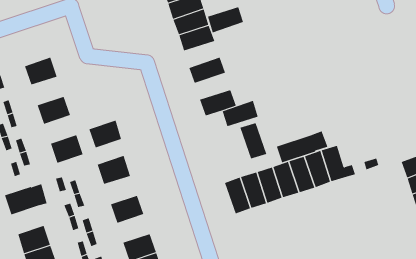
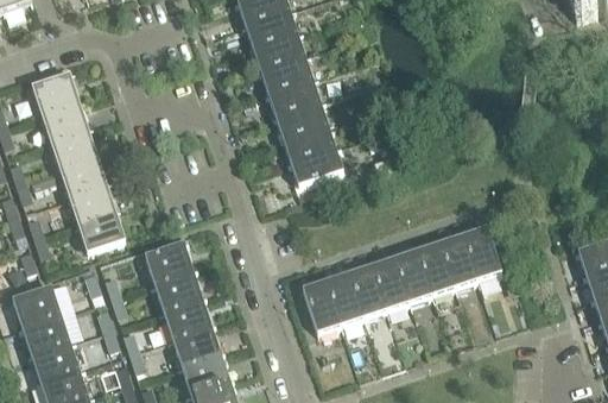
building: [207,6,244,33] -> [267,77,319,115]
building: none -> [31,73,78,113]
building: none -> [50,128,97,169]
building: [222,100,259,127] -> [283,122,335,160]
building: [89,120,122,148] -> [68,183,115,223]
building: [240,122,267,159] -> [302,279,341,332]
building: [276,131,328,163] -> none
building: none -> [153,270,202,310]
building: none -> [21,309,83,353]
building: none -> [172,325,220,365]

